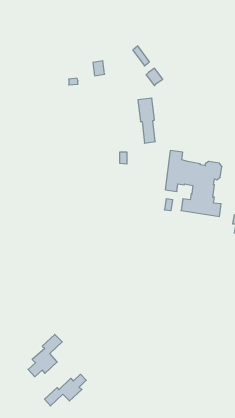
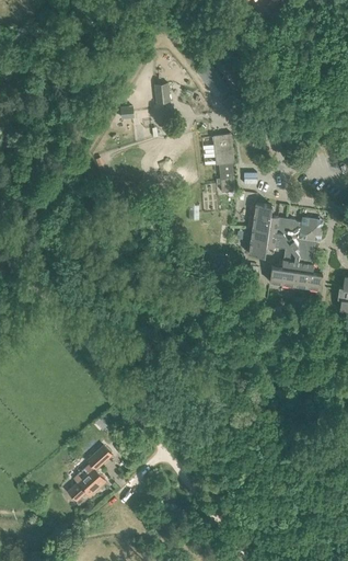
building: [45,374,86,406] -> none

